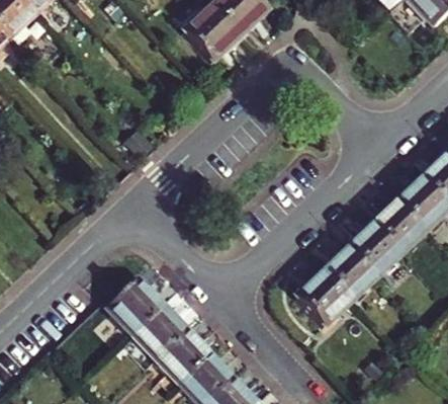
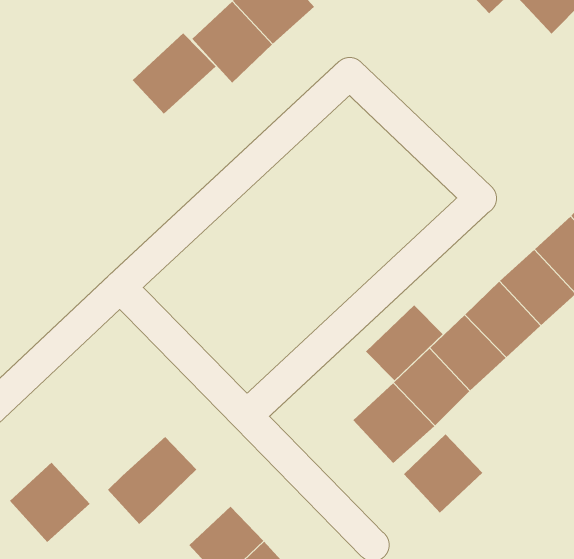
building: none -> [132,33,217,114]
building: none -> [365,305,444,381]
building: [106,278,163,335] -> [9,462,91,543]
building: none -> [403,434,483,513]
building: [156,331,208,384] -> none

